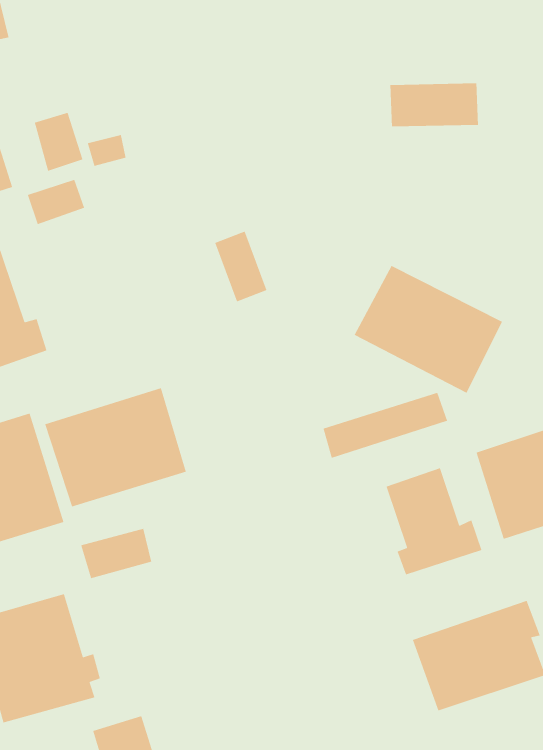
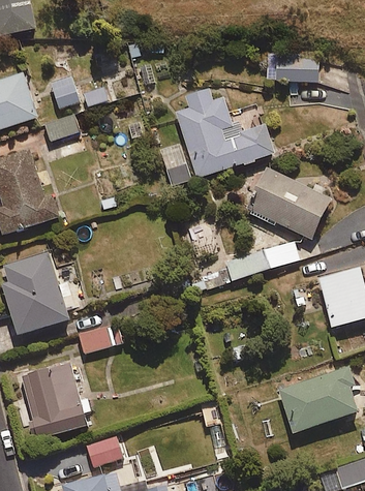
building: none -> [174,88,274,179]
building: [44,387,187,507] -> none
building: [386,467,482,576] -> none

